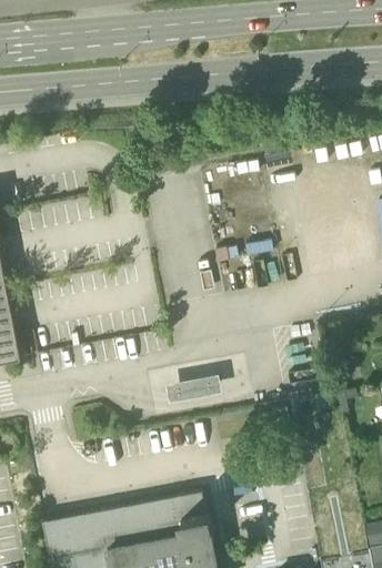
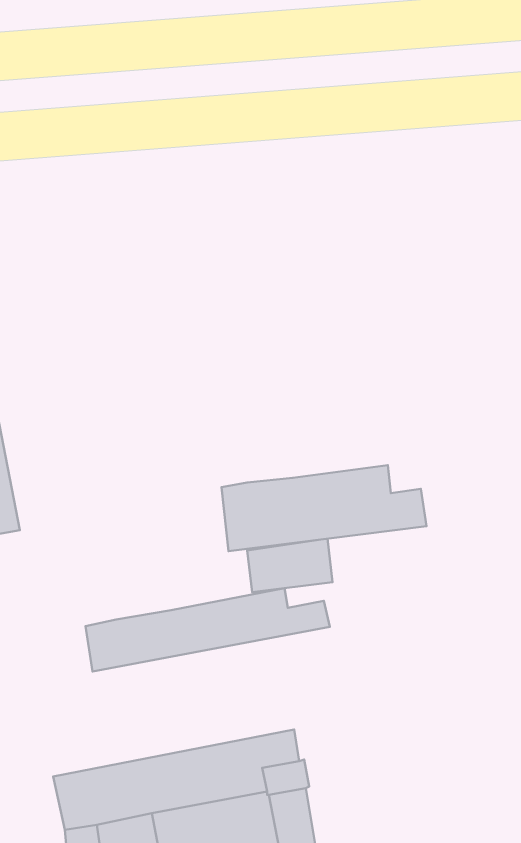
building: none -> [222,465,427,551]
building: none -> [85,588,330,671]

